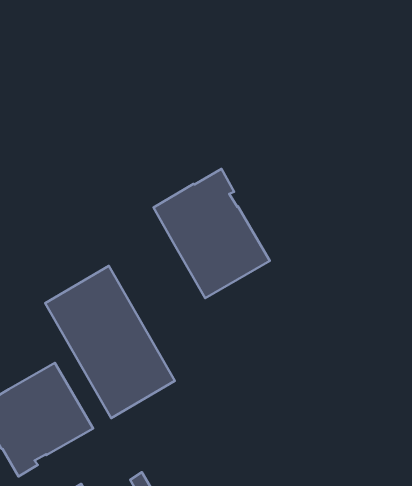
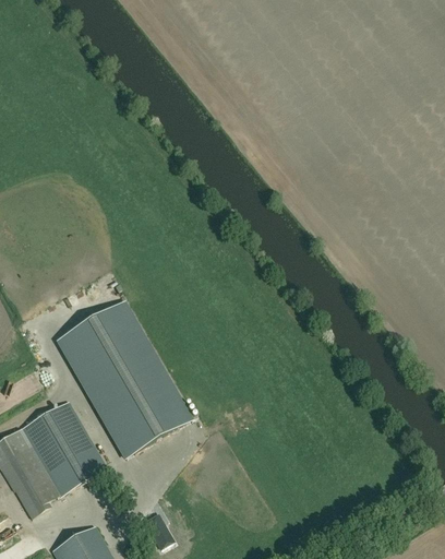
building: [153,169,270,298] -> none

